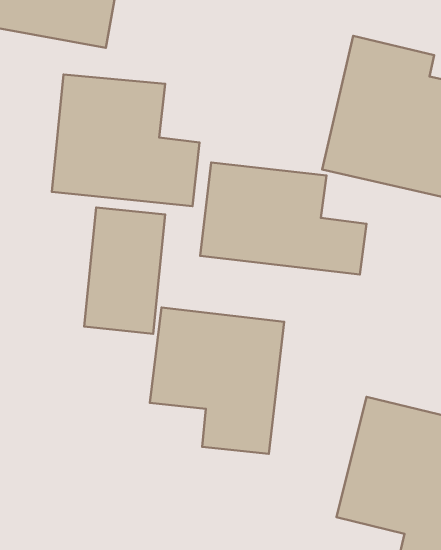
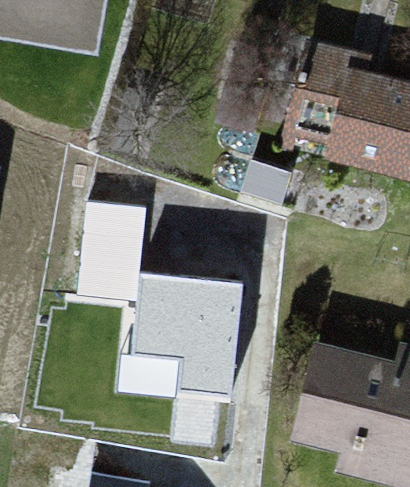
building: [52,75,200,206] -> none
building: [200,162,367,275] -> none

